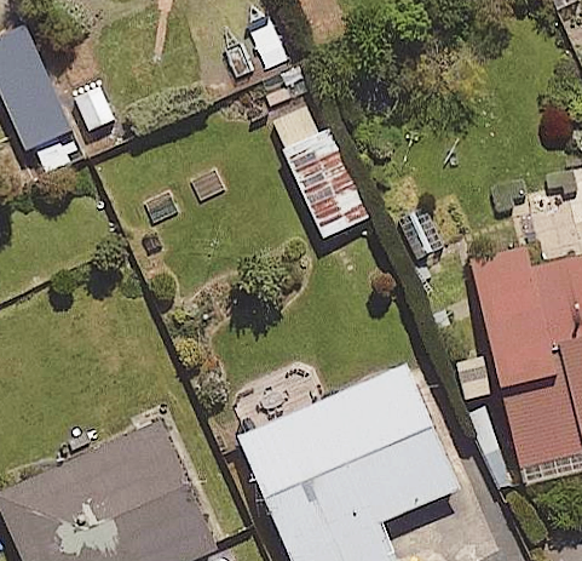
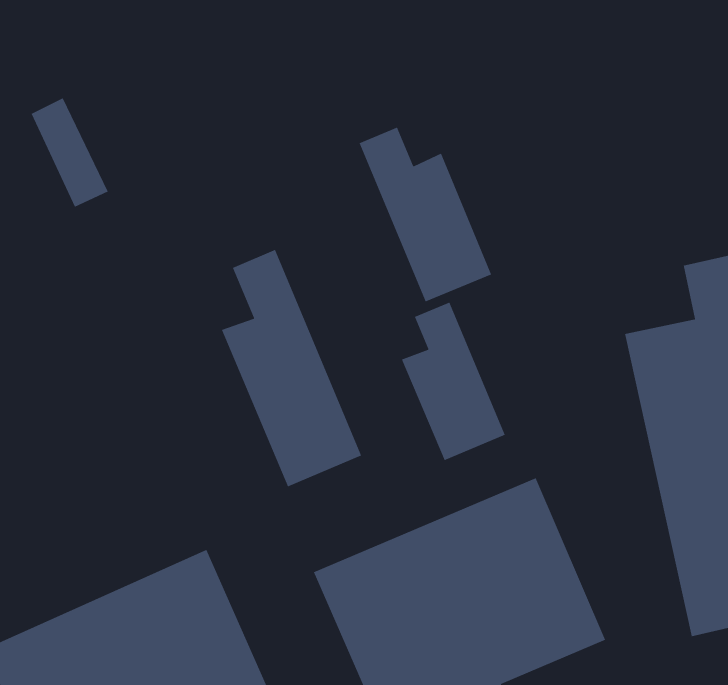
building: none -> [221,249,362,488]
building: none -> [401,301,506,461]

